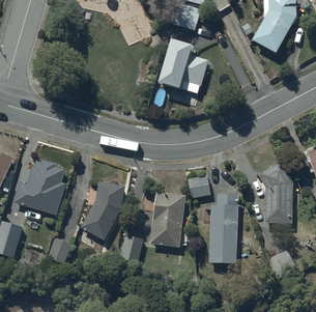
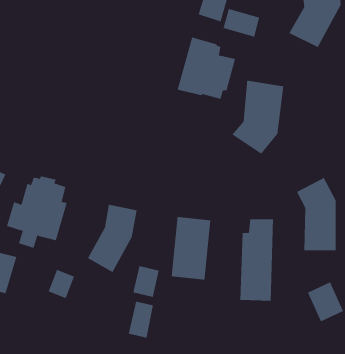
building: none -> [223,8,260,38]
building: none -> [231,80,284,154]
building: [189,177,211,199] -> none
building: none -> [128,301,153,339]

